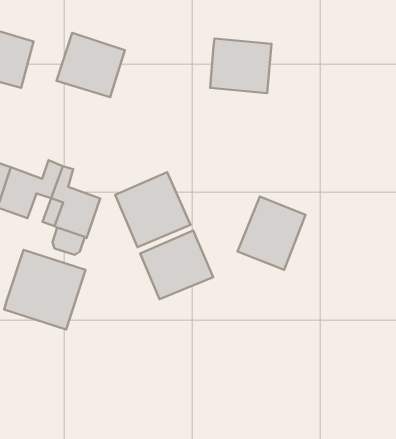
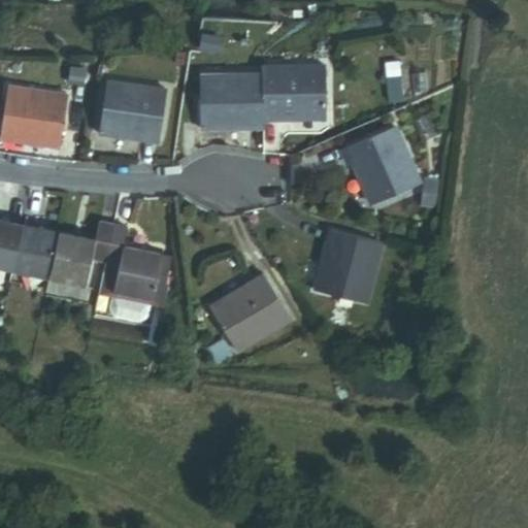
building: none -> [199,74,263,131]
building: none -> [349,128,420,204]
building: [115,172,190,247] -> none
building: [4,250,86,329] -> none

